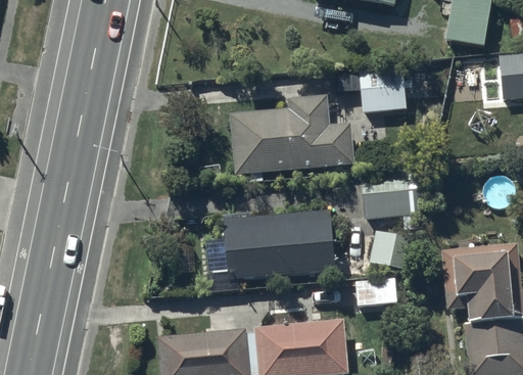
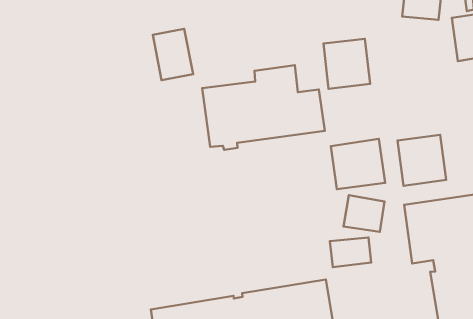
building: none -> [153,29,193,80]
building: none -> [397,135,446,186]
building: [220,206,334,278] -> none

